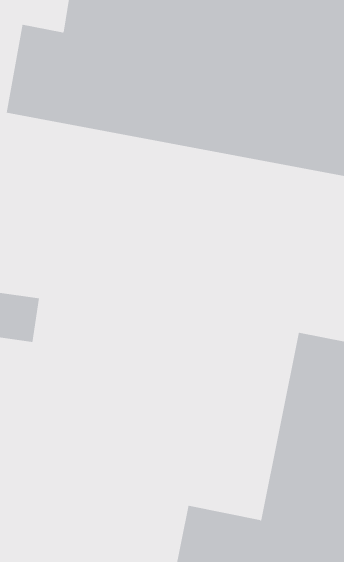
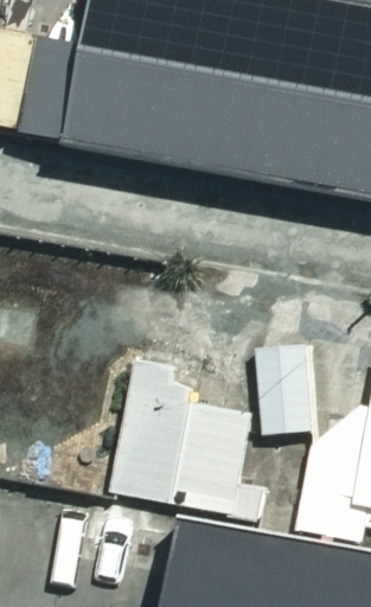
building: none -> [123,378,262,526]

